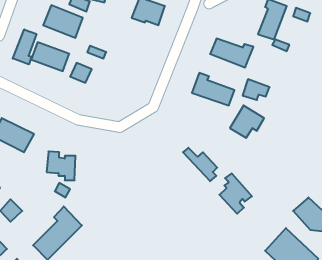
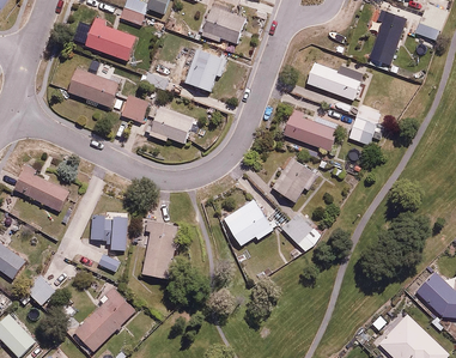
building: none -> [184,47,226,90]
building: [13,29,36,64] -> none
building: none -> [147,105,193,142]
building: [230,105,264,138] -> [273,158,318,201]
building: none -> [224,200,275,245]
building: none -> [144,223,177,278]
building: [219,173,252,214] -> none

